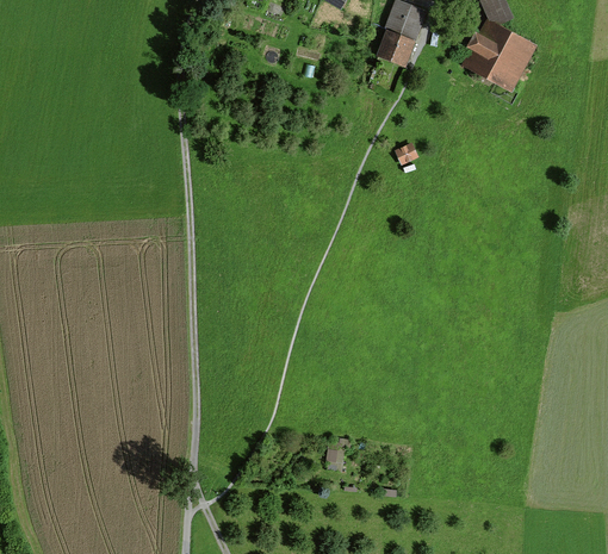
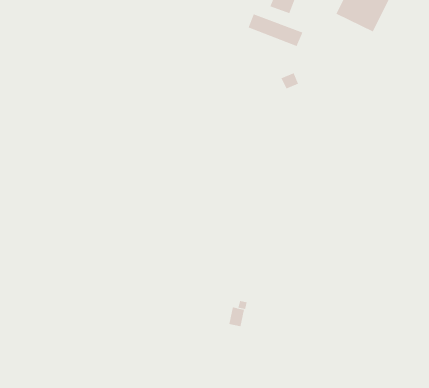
building: none -> [248,13,303,47]

